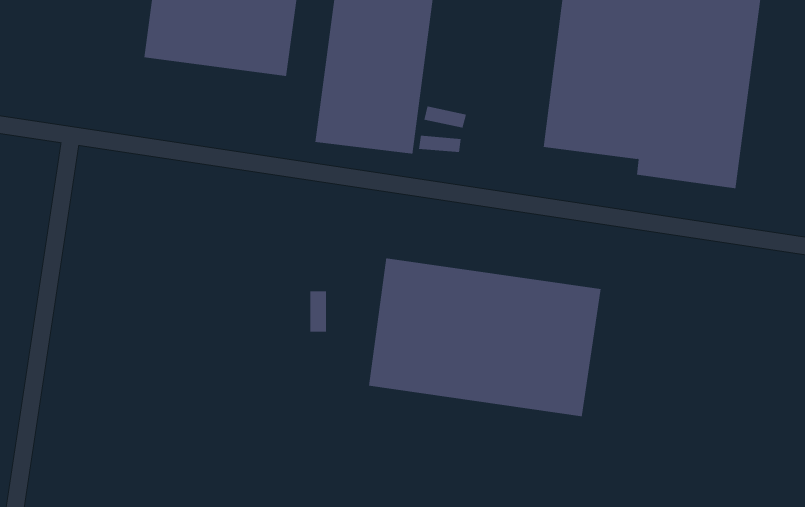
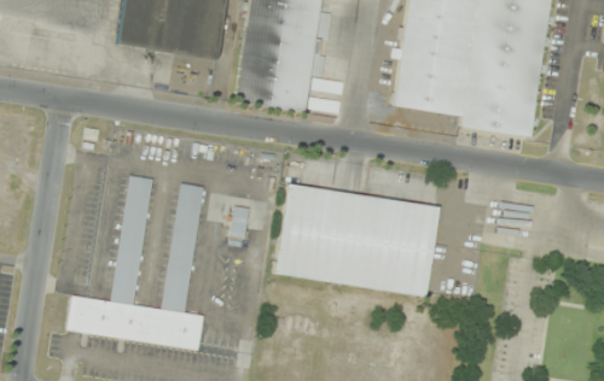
building: none -> [66,175,203,348]

